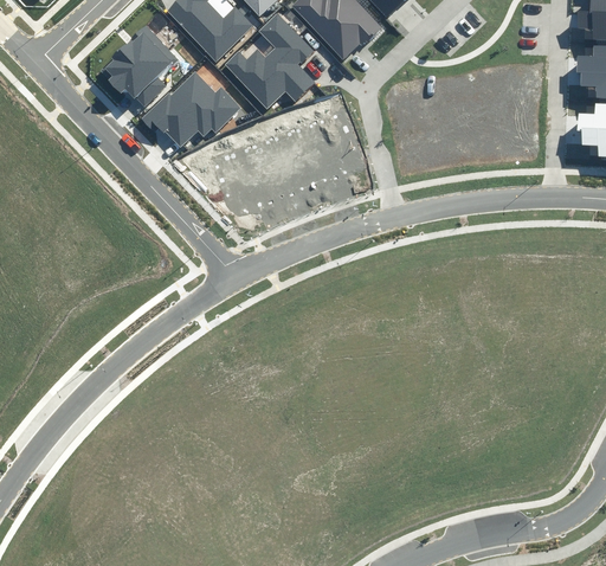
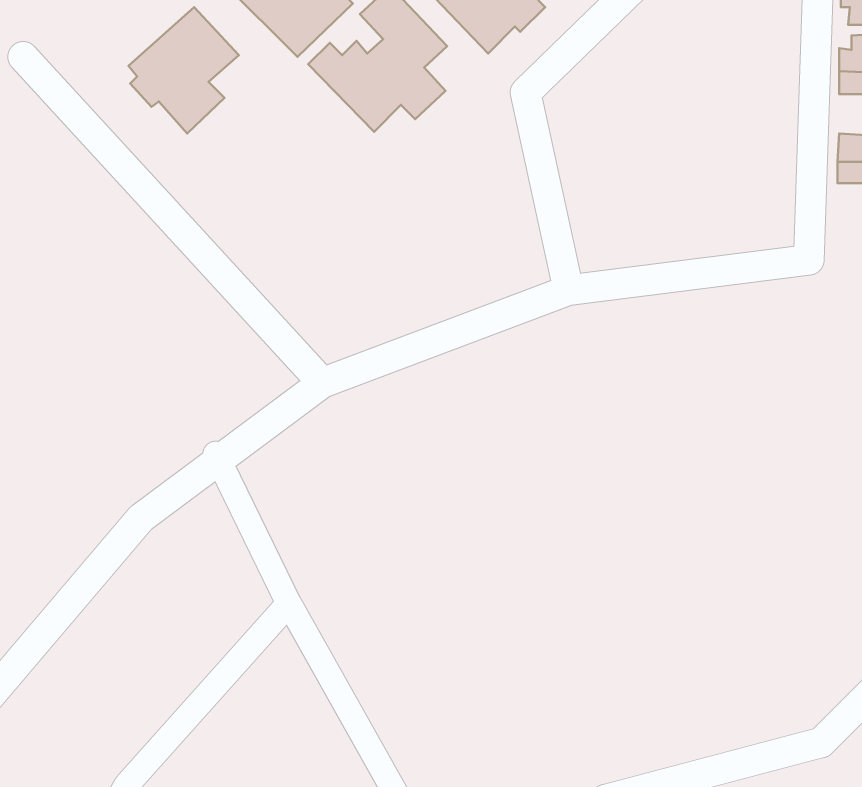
building: [144,70,245,148] -> none

